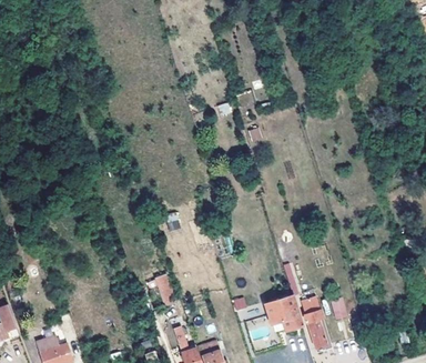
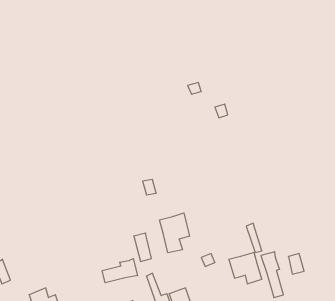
building: none -> [160,213,189,253]
building: none -> [102,259,138,283]

